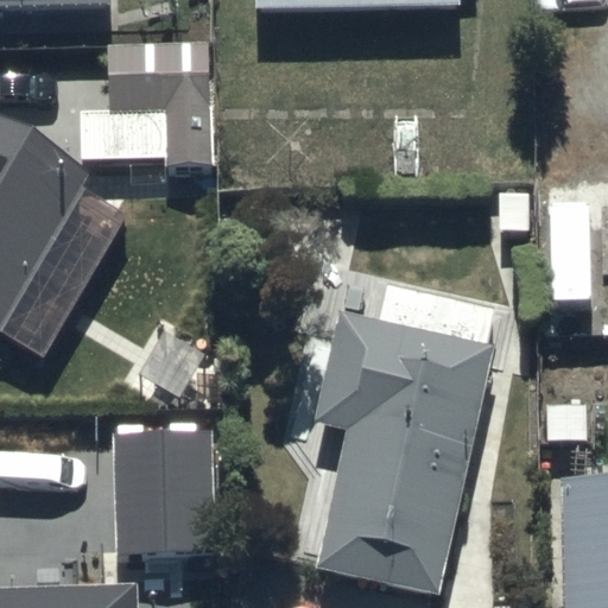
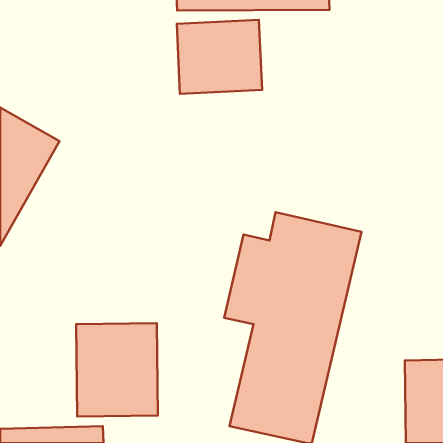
building: none -> [177,20,262,94]
building: [76,43,222,172] -> none

